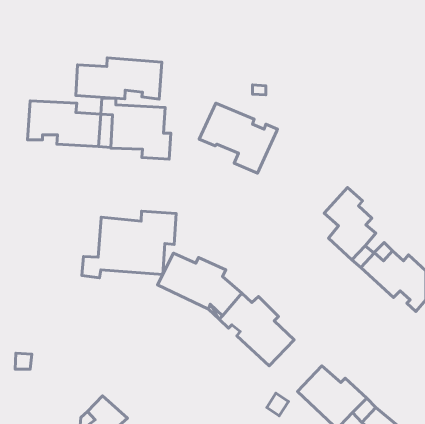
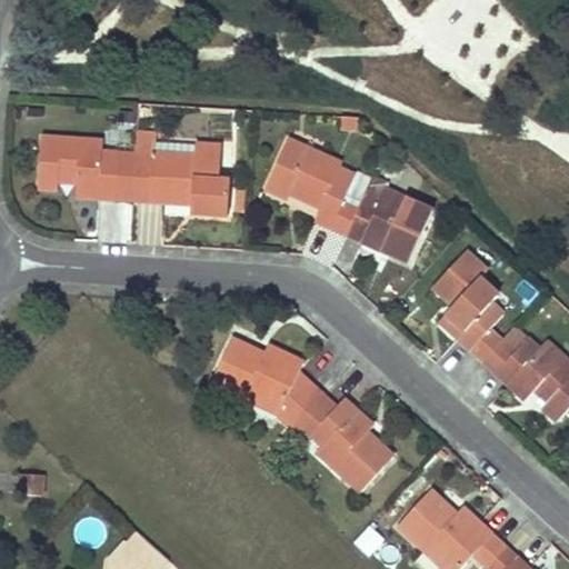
building: [76,58,162,99] -> none
building: none -> [345,177,430,262]
building: [82,211,176,278] -> none

